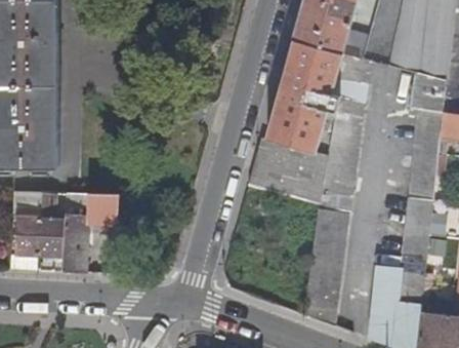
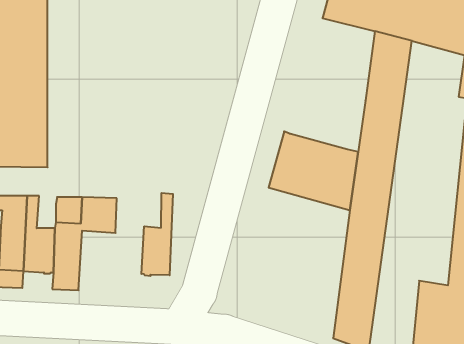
building: [265,38,338,151] -> none
building: none -> [141,193,173,276]

